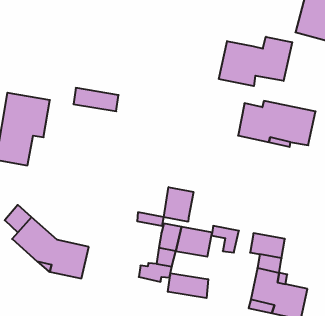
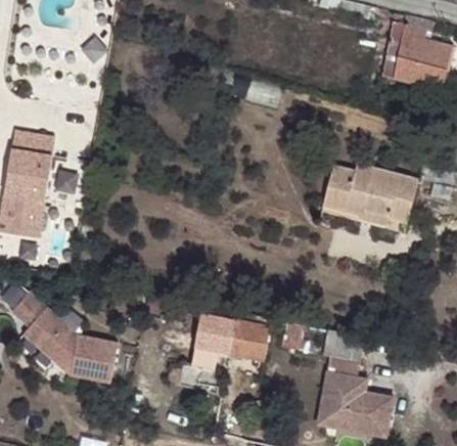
building: [219,37,292,86] -> none
building: [73,88,119,111] -> [12,130,70,160]
building: [164,187,193,222] -> none
building: [168,273,208,298] -> none

